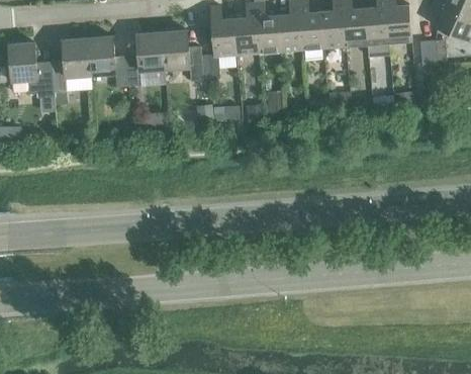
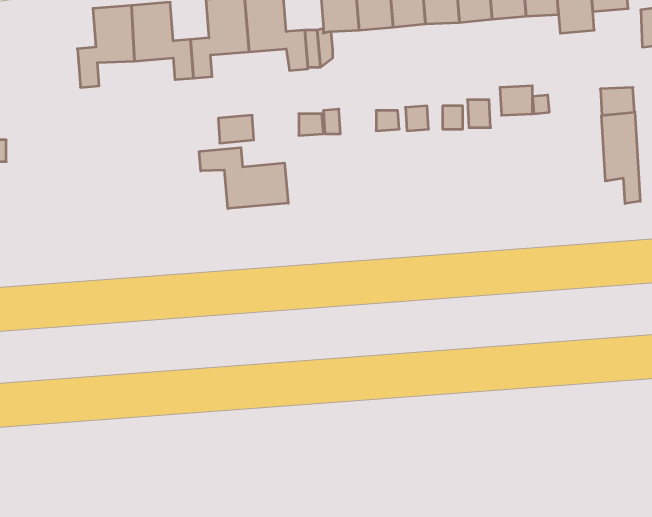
building: [9,42,55,98] -> none
building: none -> [602,112,640,204]
building: none -> [199,148,288,209]

